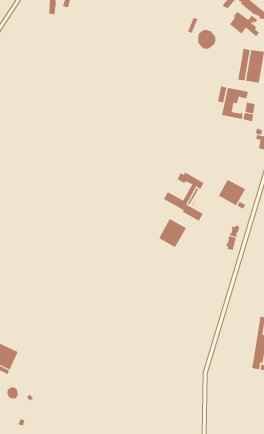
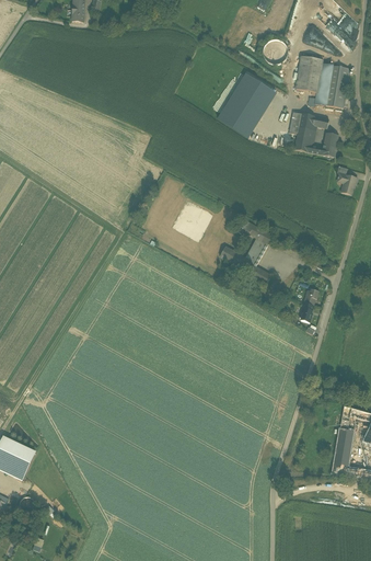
building: none -> [294,55,322,91]
building: none -> [216,72,276,138]
building: [218,179,246,206] -> none
building: [159,218,187,248] -> none

